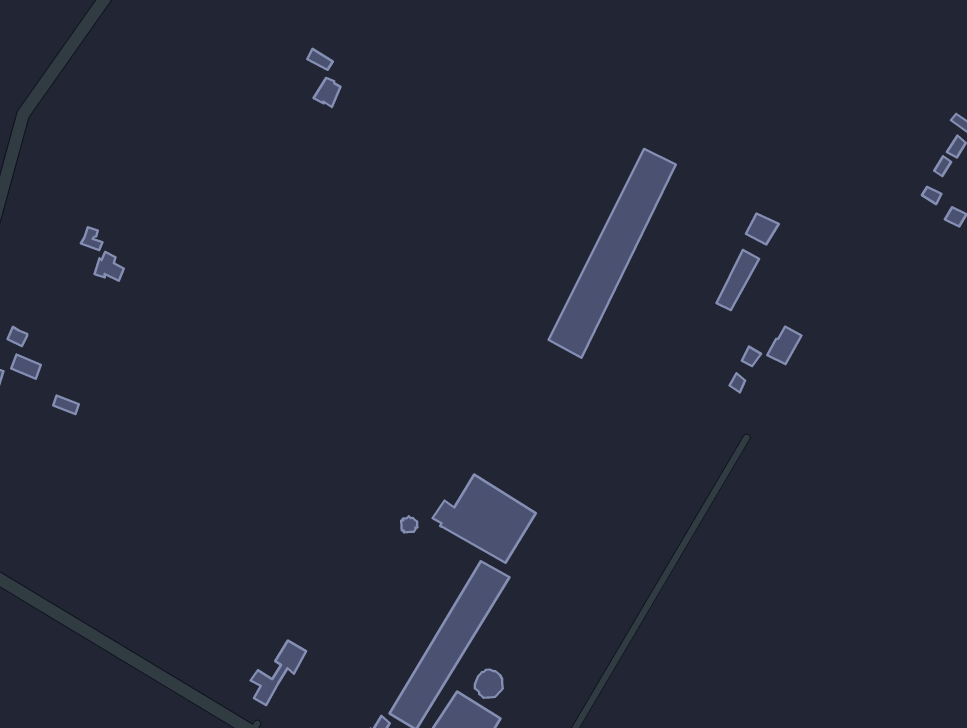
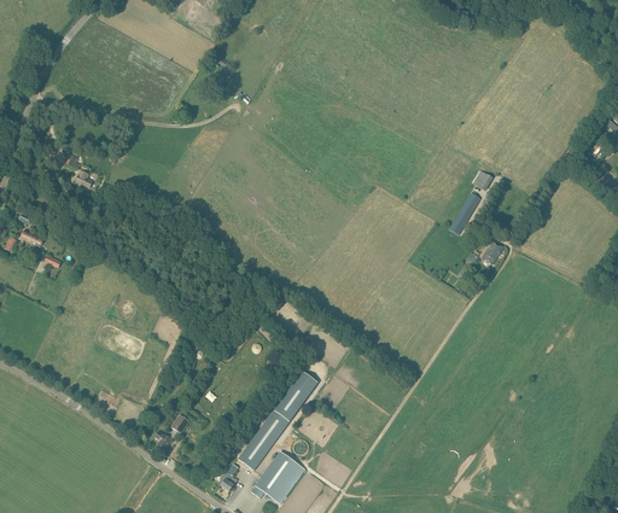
building: [549,149,676,358] -> none
building: [432,475,536,563] -> none

